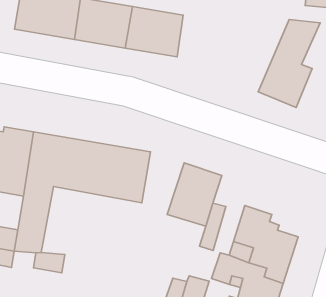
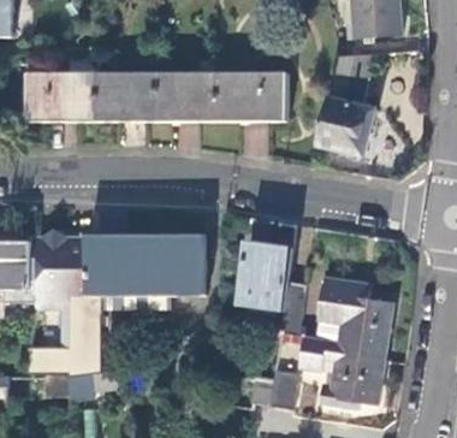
building: none -> [215,72,286,122]

